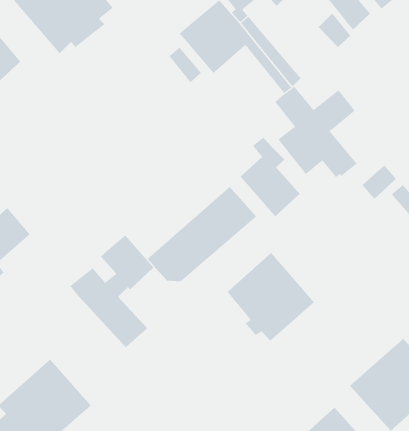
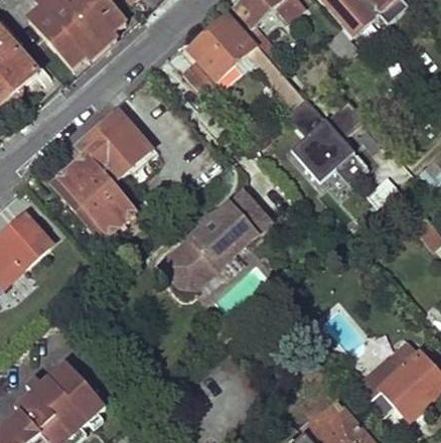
building: none -> [51,109,149,240]
building: [240,137,301,217] -> none
building: [69,234,154,348] -> none
building: [227,252,315,341] -> none

